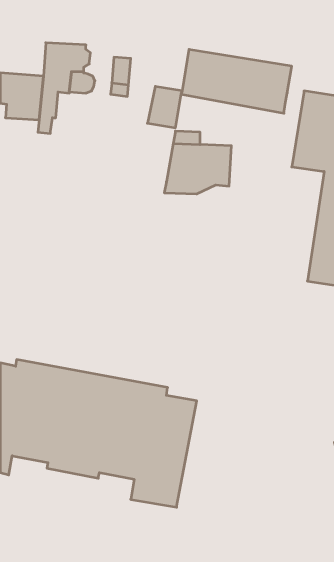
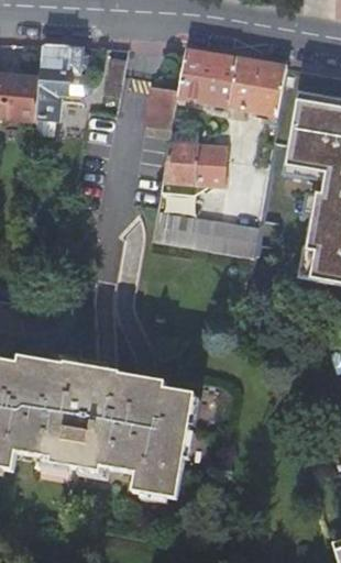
building: none -> [153,211,258,258]

